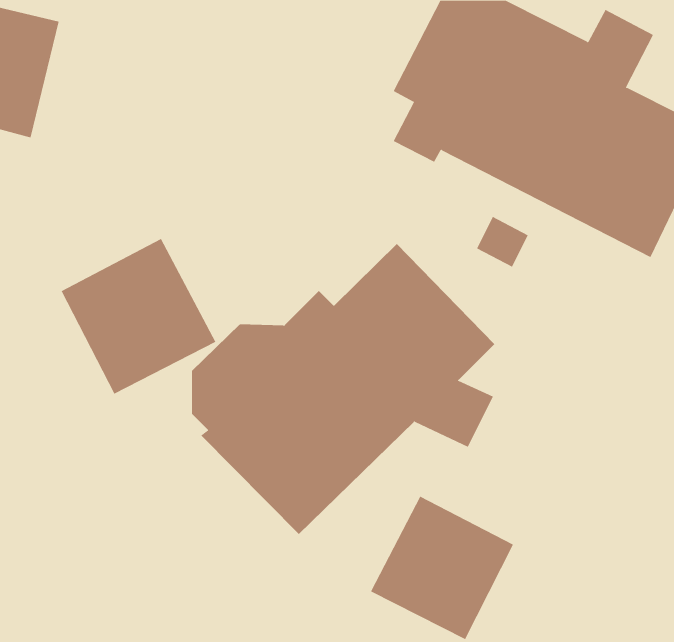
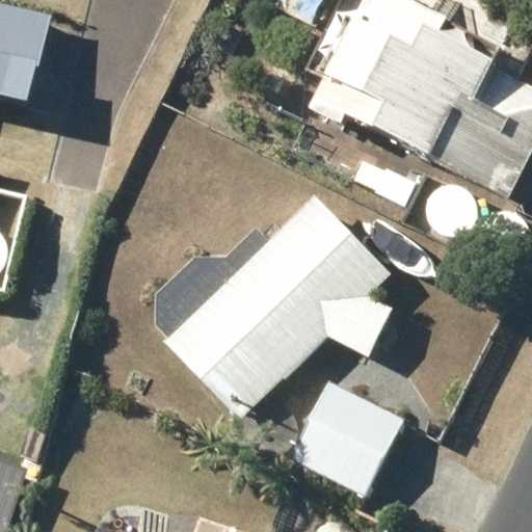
building: [61,238,216,395] -> none

